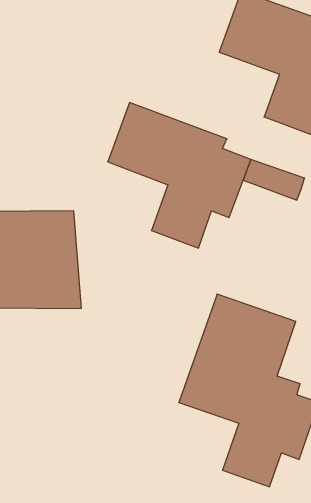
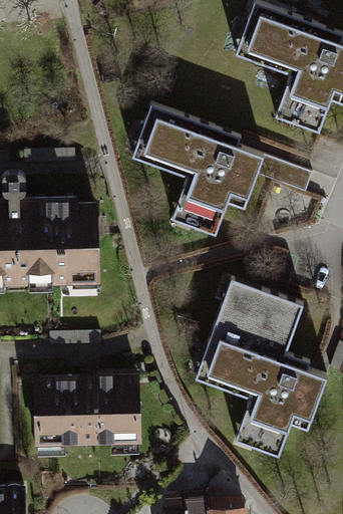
building: none -> [43,372,145,445]

